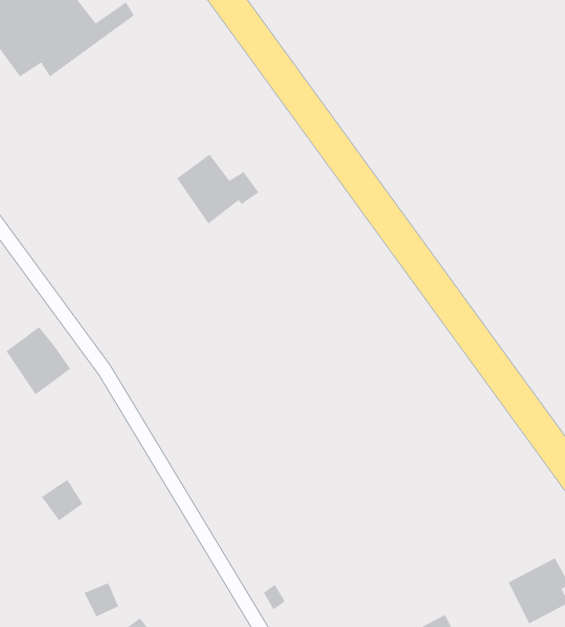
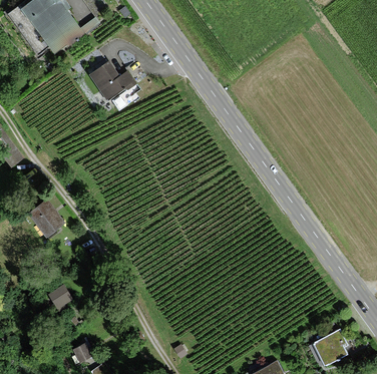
building: [176,153,260,224] -> [89,60,136,100]

